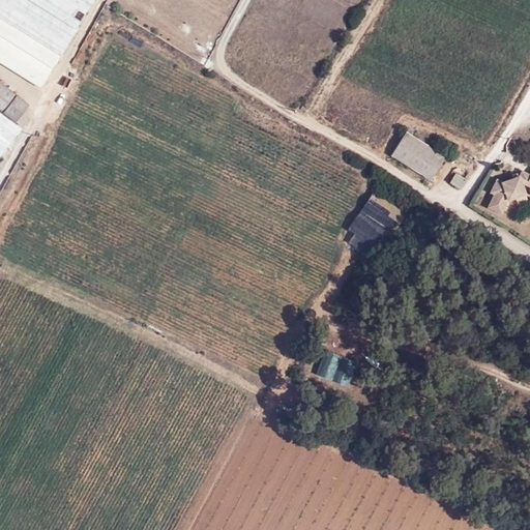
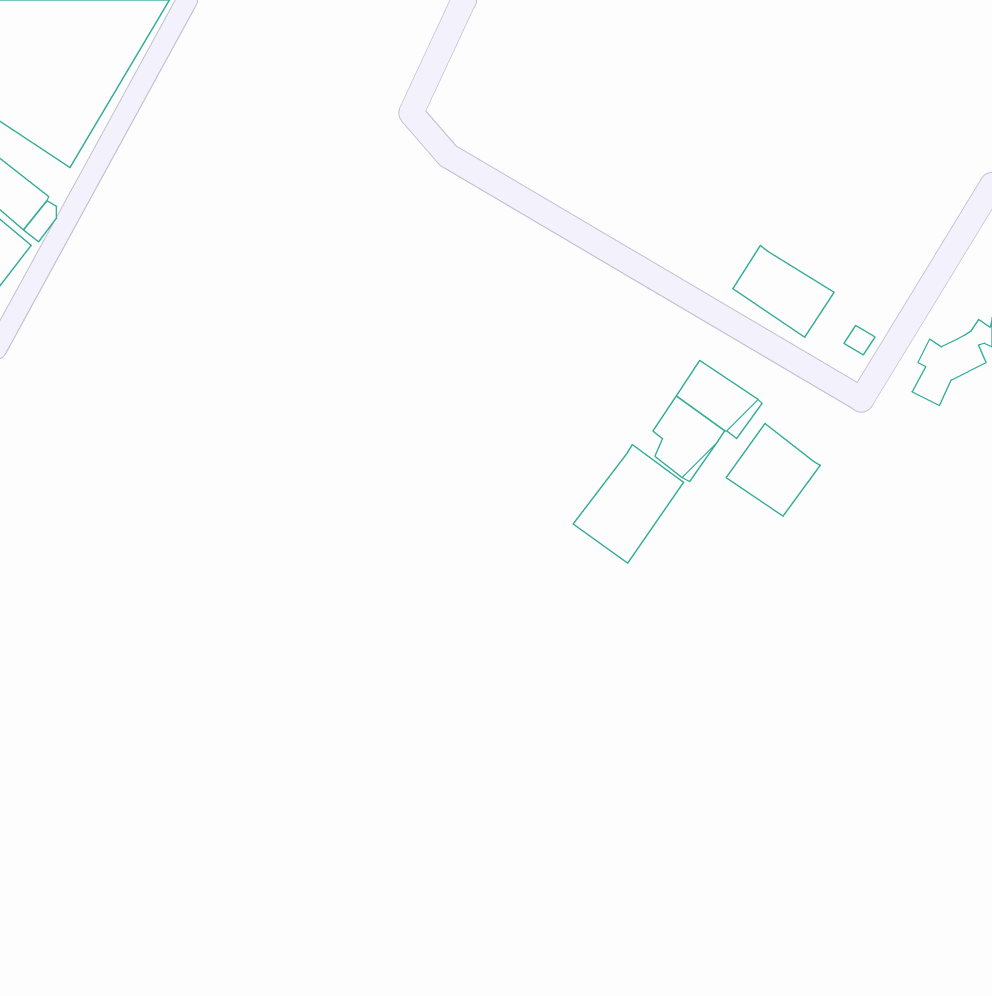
building: none -> [726,423,820,516]
building: none -> [573,445,684,563]

